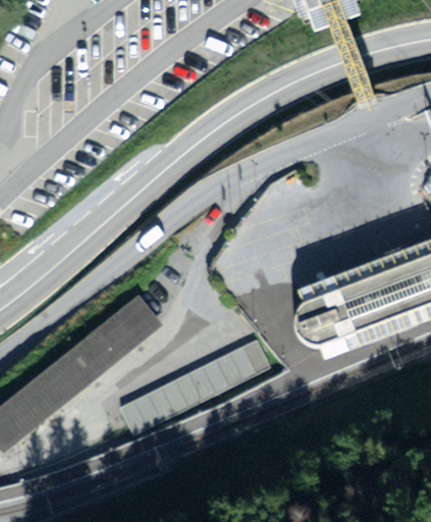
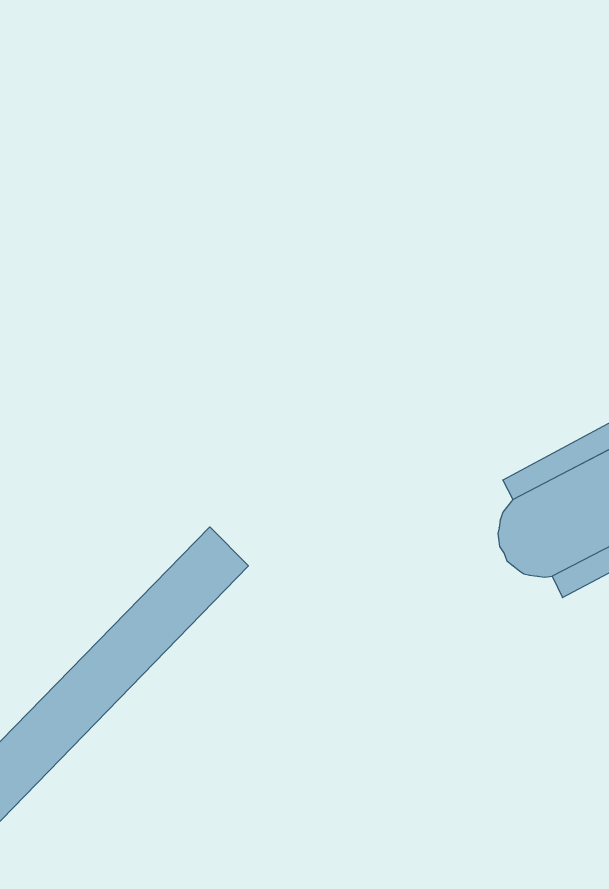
building: [121,338,272,433] -> none

